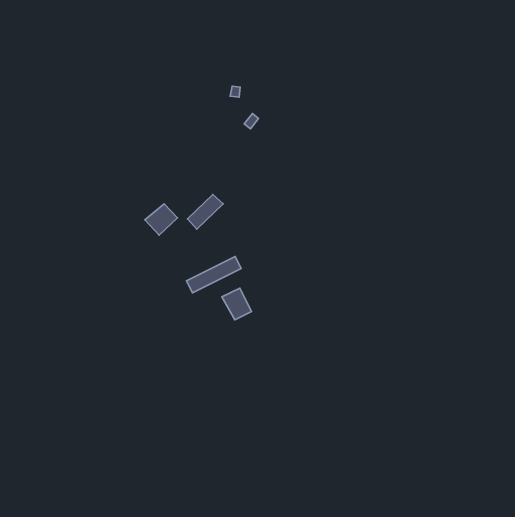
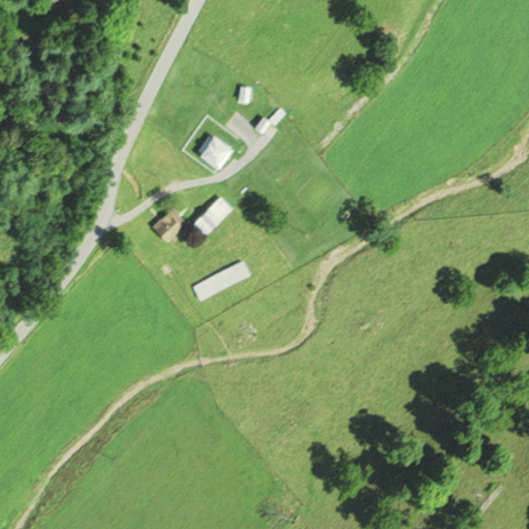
building: none -> [197,136,230,168]
building: [222,288,251,320] -> none

